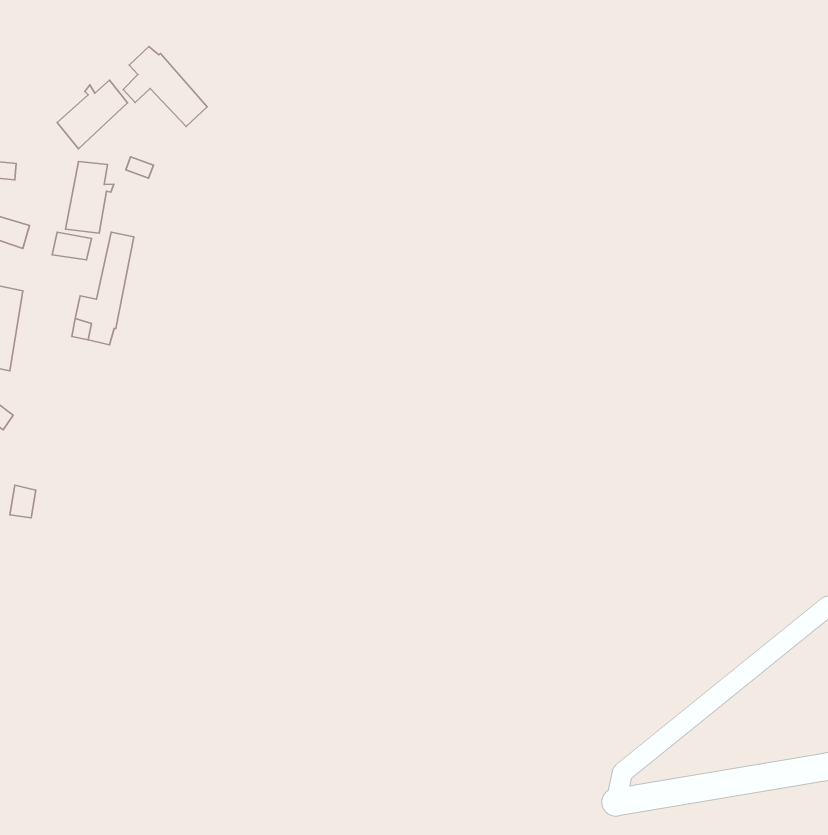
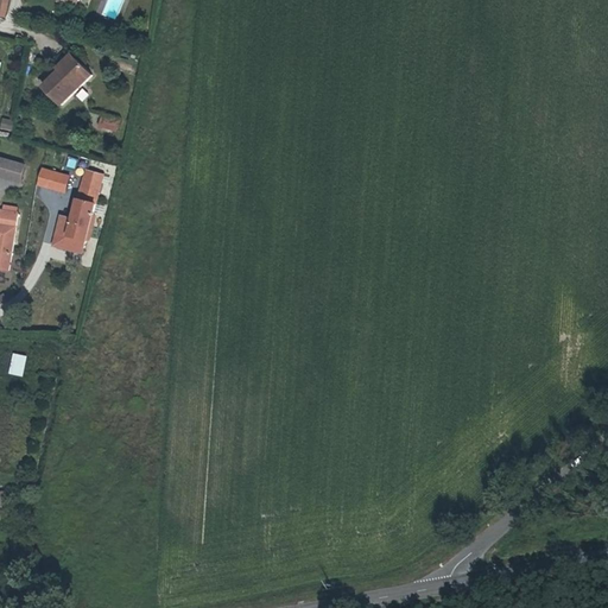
building: [123,47,207,126] -> none
building: [65,162,114,233] -> none

